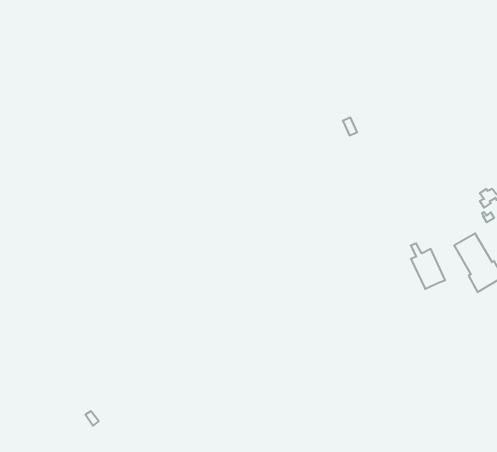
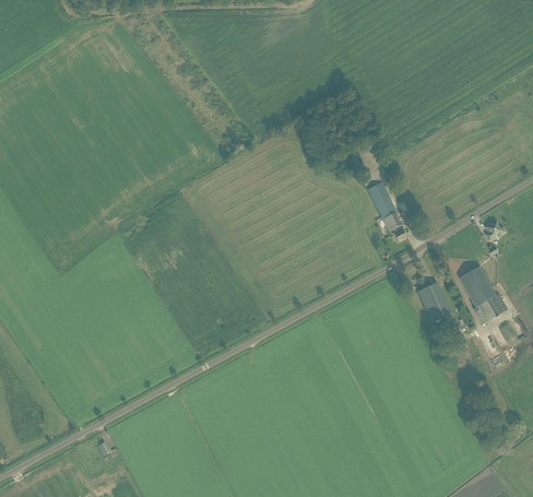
building: none -> [366,181,406,240]

